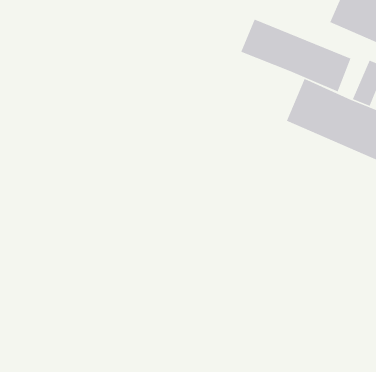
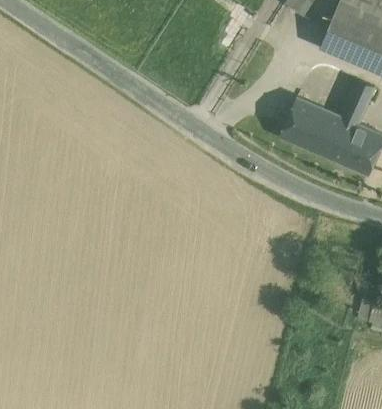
building: [240,19,352,92] -> none

